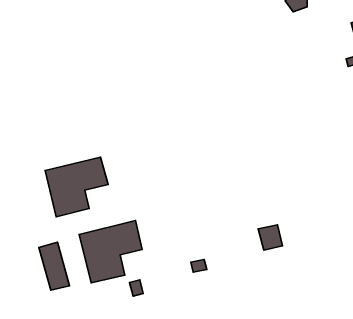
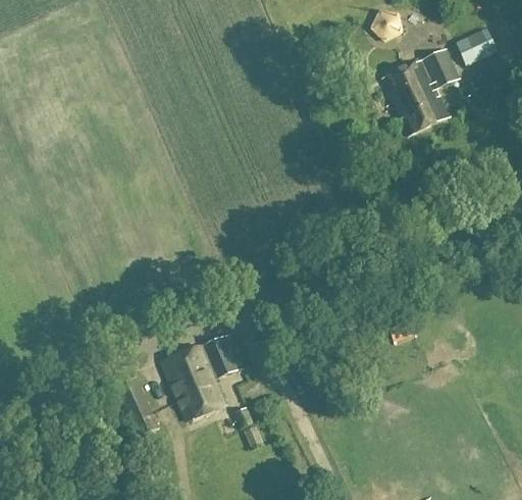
building: none -> [381,49,459,135]
building: [45,157,108,217] -> none

